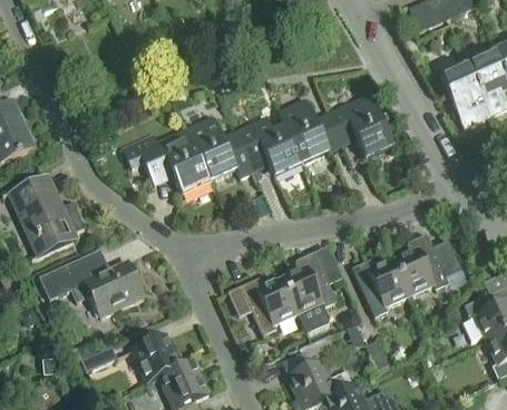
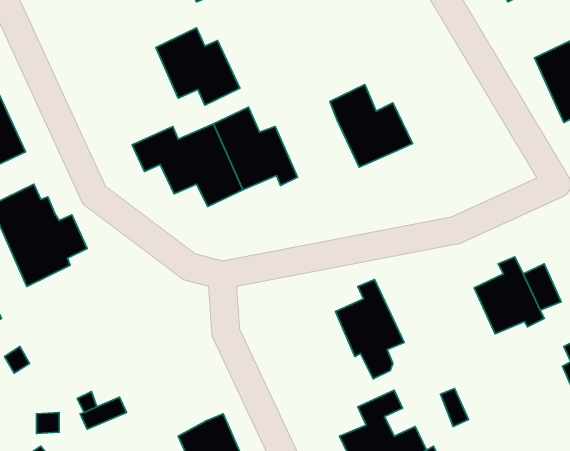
building: [328,91,393,158] -> none
building: [234,114,301,175] -> [156,28,240,105]
building: [40,248,143,315] -> none
building: [351,257,409,316] -> none
building: [240,276,298,335] -> none
building: [130,333,179,381] -> none

